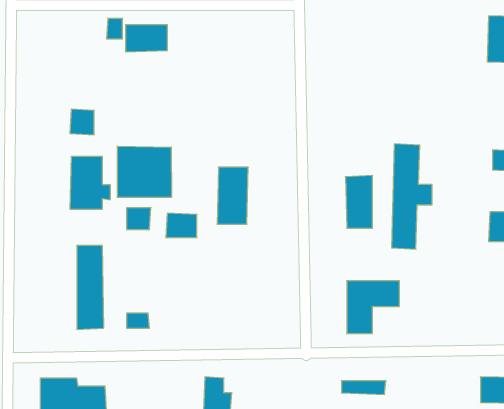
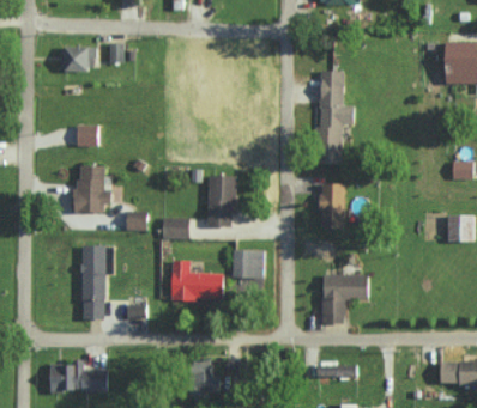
building: [125,25,167,52] -> [59,48,96,72]
building: [392,144,432,249] -> [319,71,355,164]
building: [117,146,171,198] -> none
building: none -> [230,249,262,290]
building: none -> [170,261,224,300]

